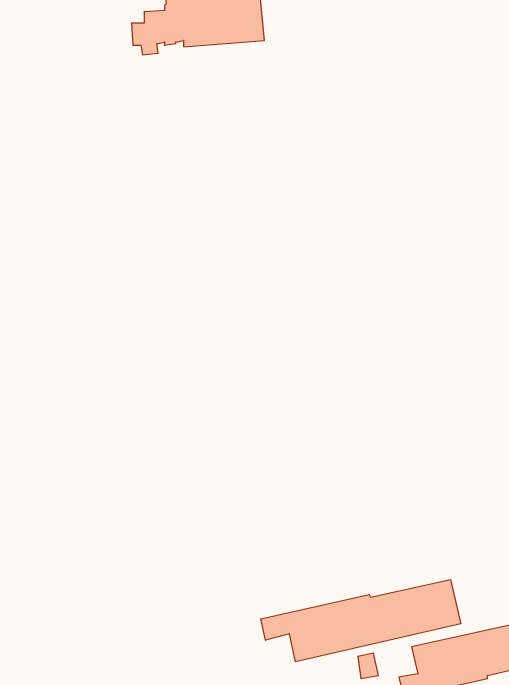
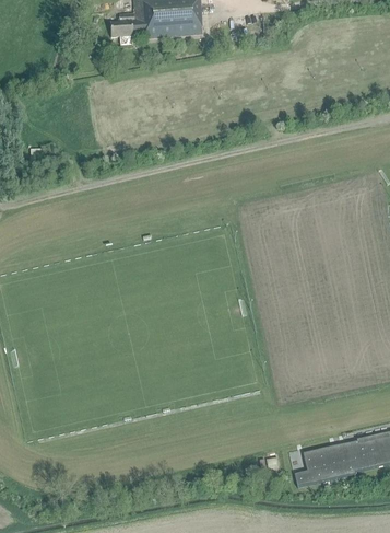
building: [261,580,461,662] -> none

